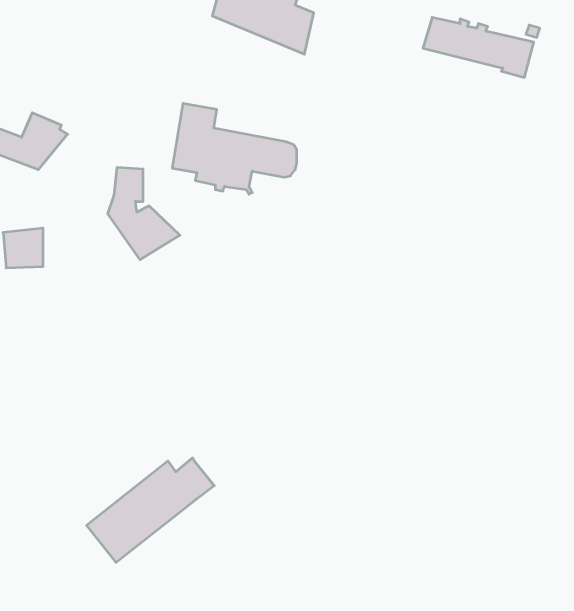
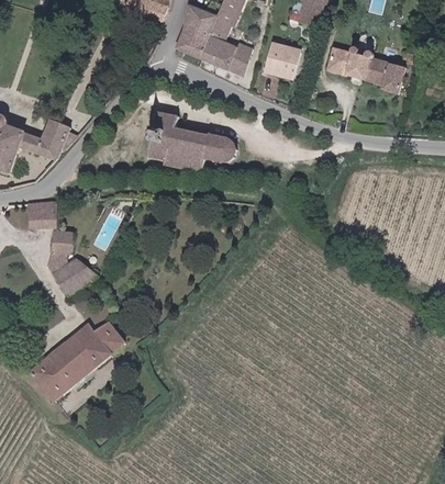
building: none -> [266,44,300,80]
building: [108,168,180,260] -> [46,230,98,296]
building: [87,458,214,562] -> [34,324,125,398]

